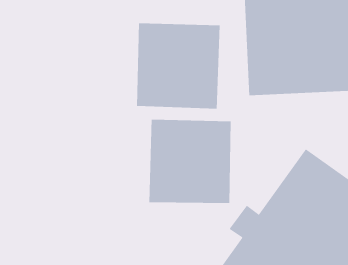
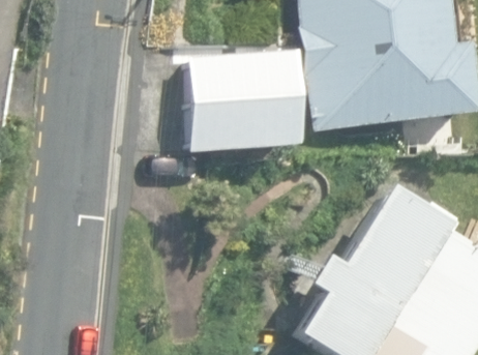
building: [149,119,231,204] -> none

